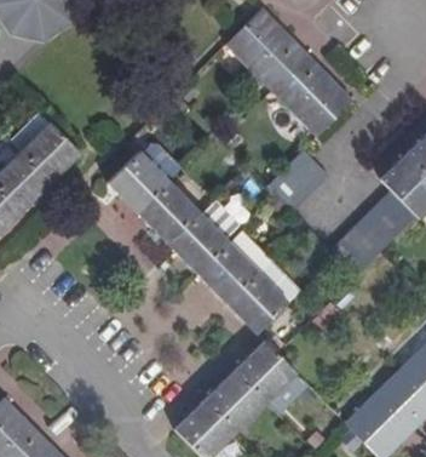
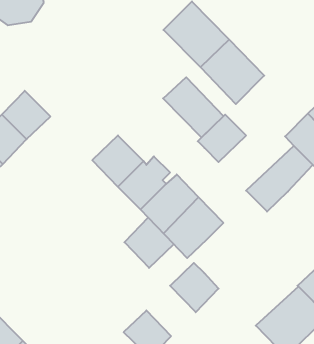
building: none -> [163,77,224,138]
building: [108,152,167,210] -> none
building: [203,370,266,434] -> [124,218,174,268]

